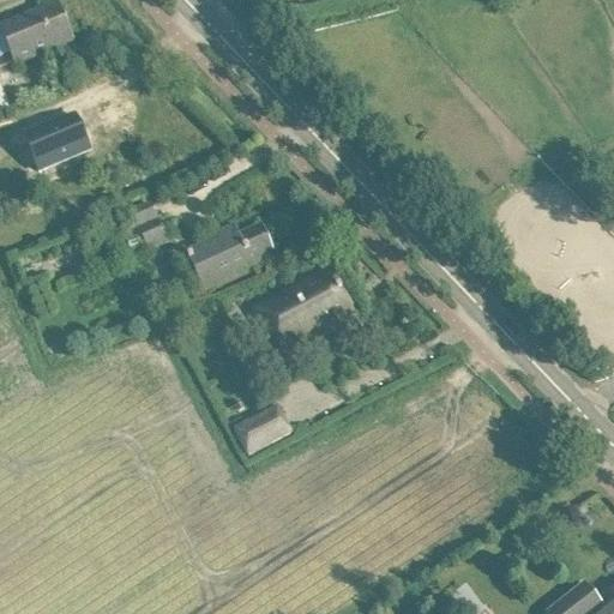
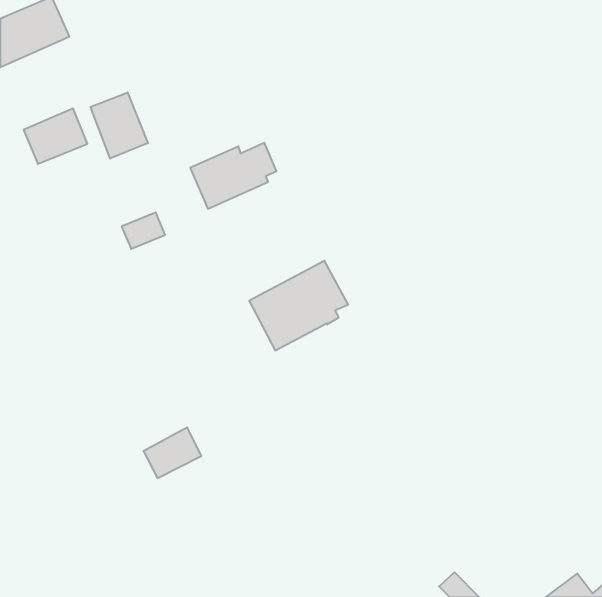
building: none -> [91,92,148,159]
building: [187,219,275,287] -> [190,143,276,209]
building: [235,402,294,453] -> [143,428,201,478]

